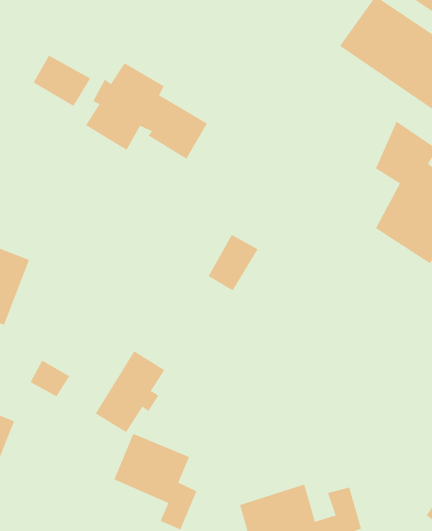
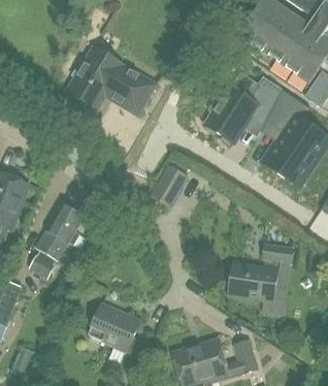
building: [33,55,91,107] -> none
building: none -> [209,74,282,139]
building: none -> [229,244,294,300]
building: [95,351,165,433] -> [35,202,84,259]

